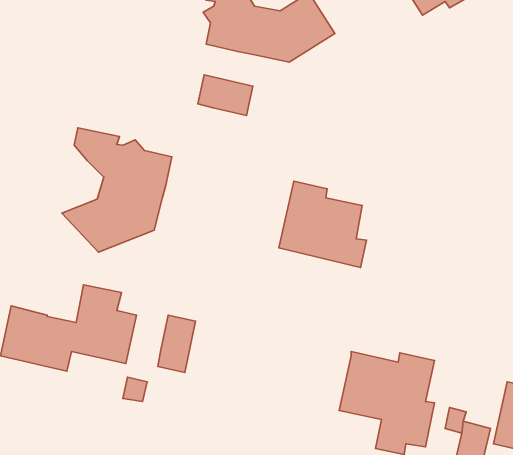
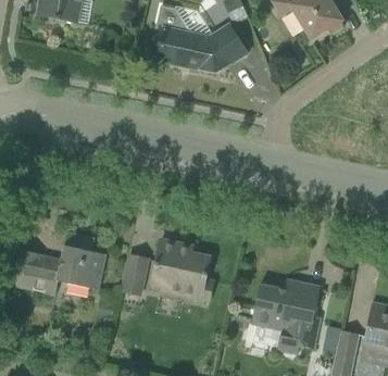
building: [198,75,253,115] -> none
building: [62,128,172,252] -> none
building: [279,181,367,267] -> [150,239,213,301]

